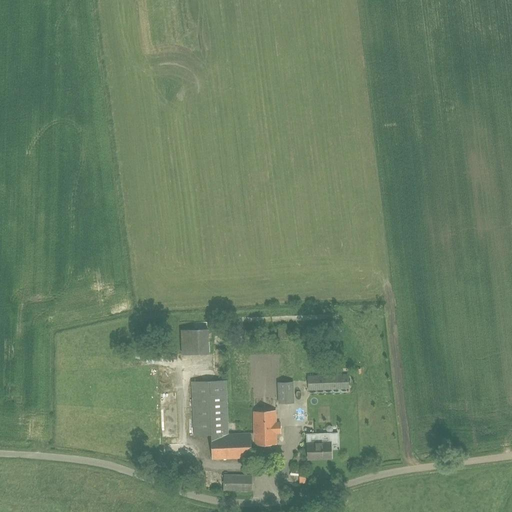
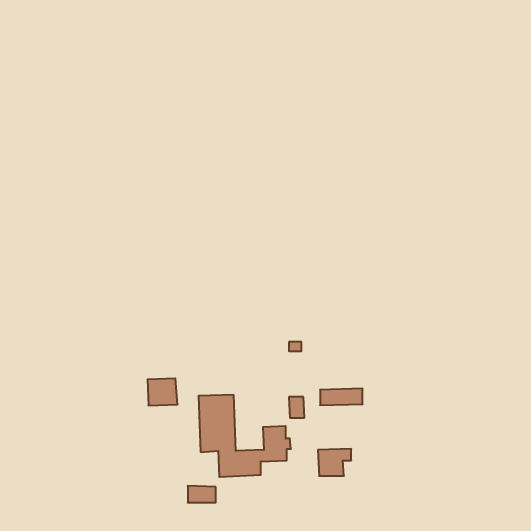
building: [180,328,209,354] -> [147,378,178,405]
building: [224,474,251,490] -> [188,486,216,503]

